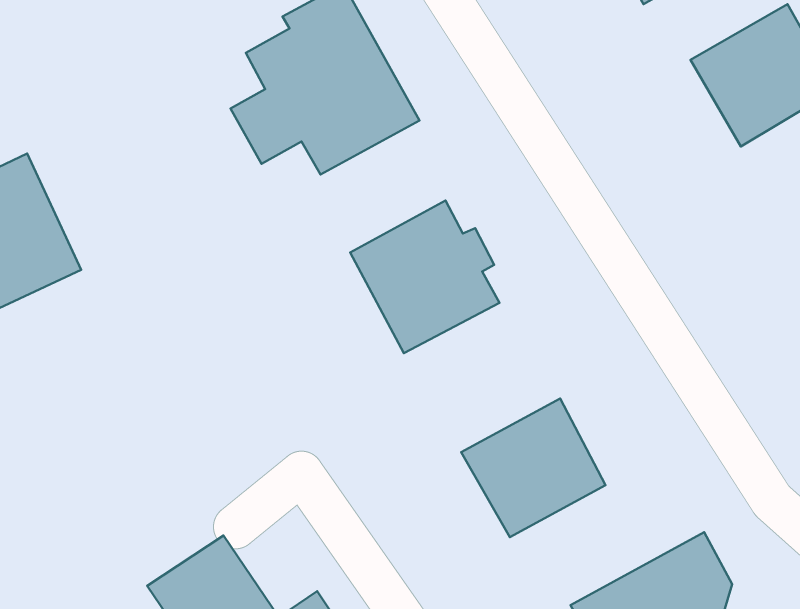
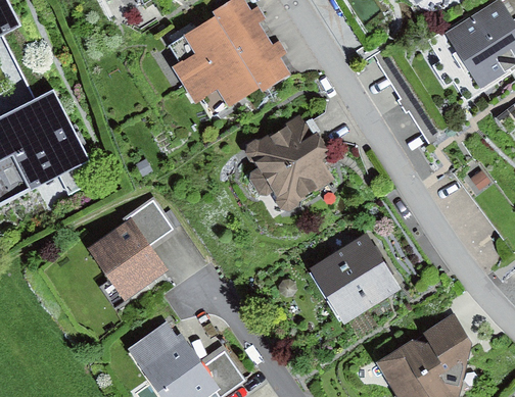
building: none -> [88,206,172,302]

